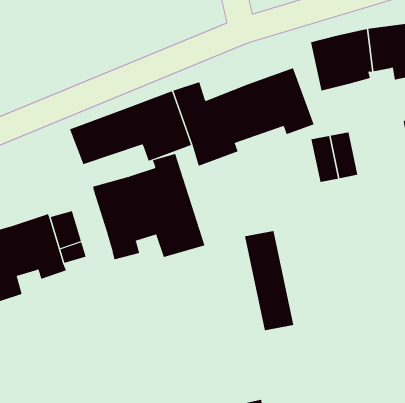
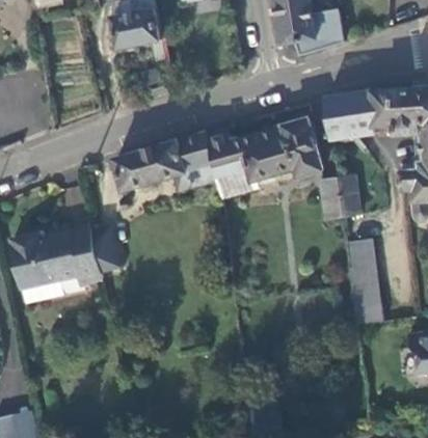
building: [93,153,205,260] -> none
building: [244,230,294,331] -> [345,239,382,324]

